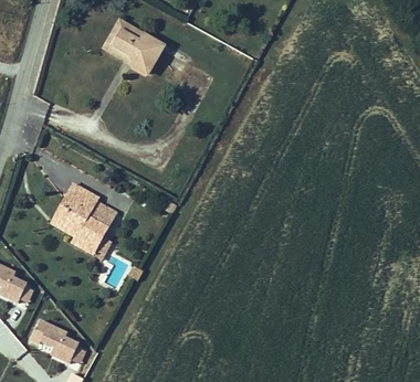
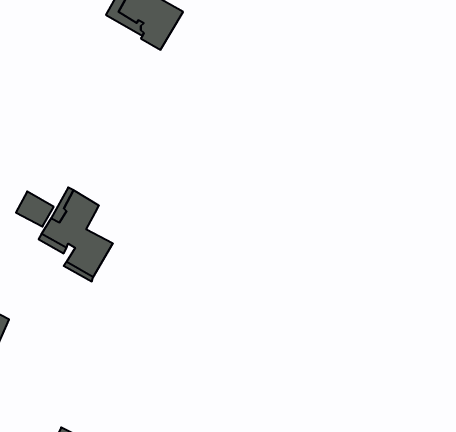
building: [88,198,118,225] -> [16,191,54,227]
building: [34,321,80,364] -> none

